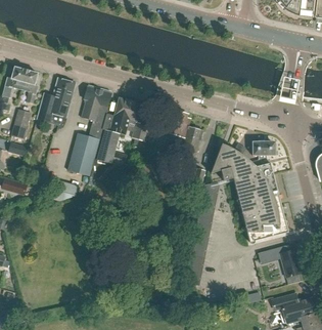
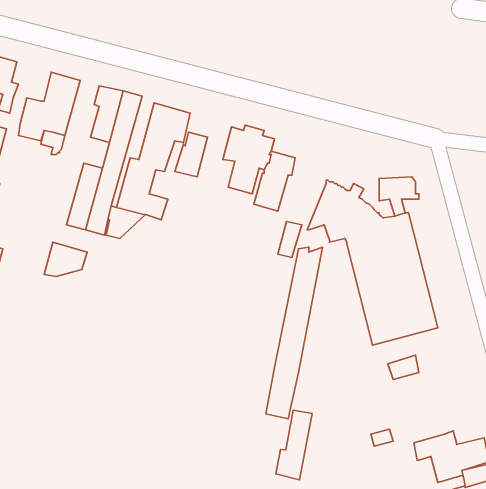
building: [278,248,300,284] -> none
building: none -> [276,410,312,480]

